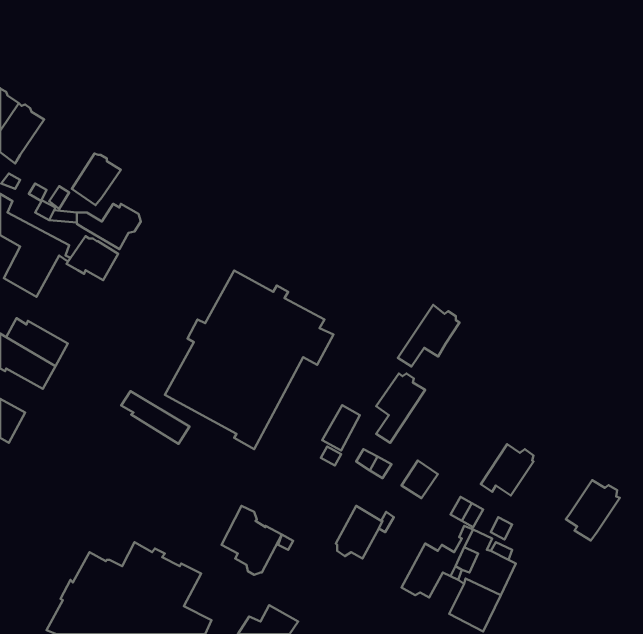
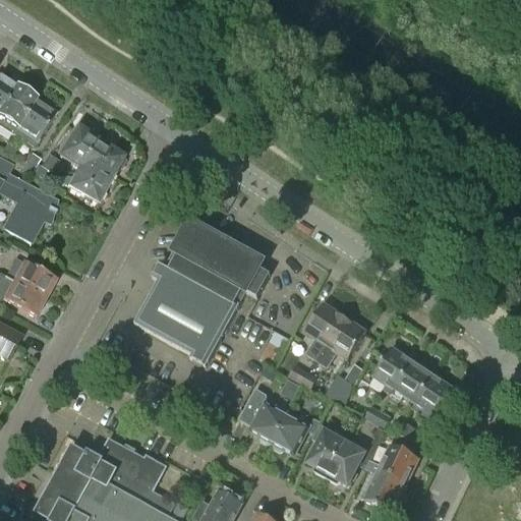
building: none -> [13,97,55,139]
building: [67,236,118,280] -> [82,137,124,173]
building: [398,305,459,367] -> [315,315,365,365]
building: [121,391,190,444] -> none
building: none -> [372,345,410,392]
building: [566,480,620,541] -> [410,373,454,422]
building: [221,506,282,575] -> [239,386,288,442]
building: none -> [306,420,344,475]

